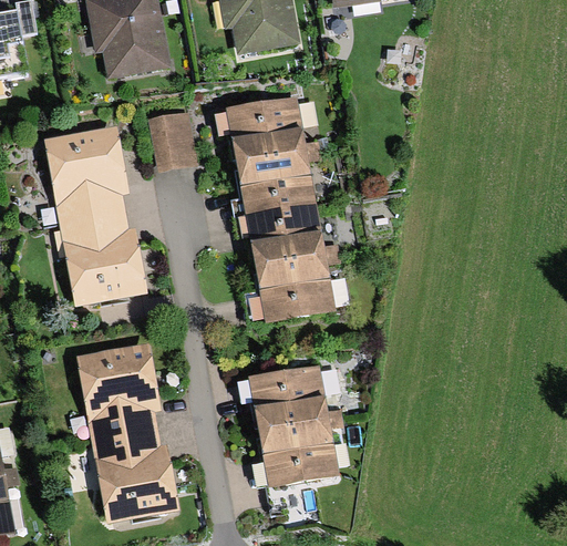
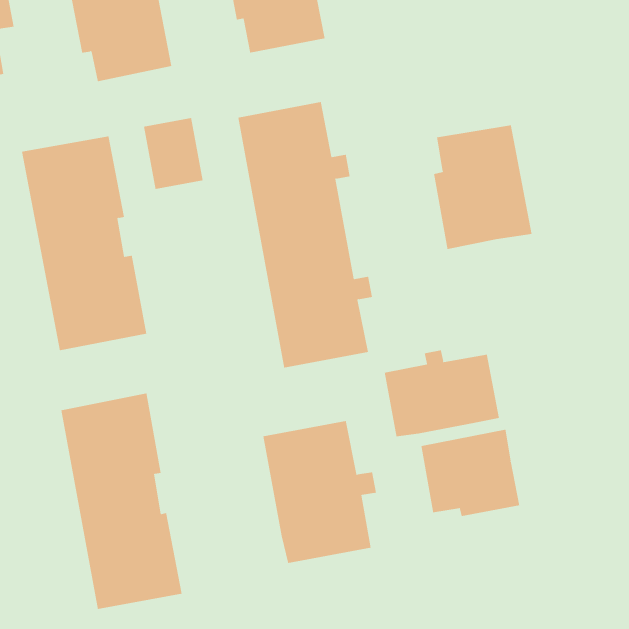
building: none -> [433,124,532,250]
building: none -> [384,350,499,437]
building: none -> [421,429,520,517]

